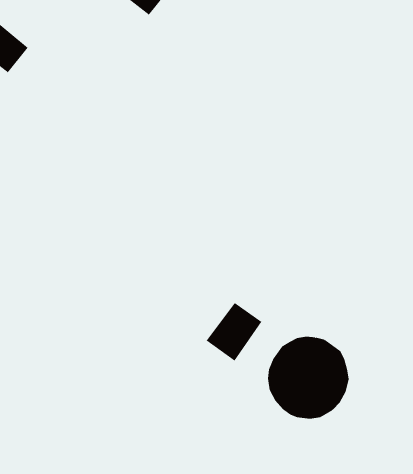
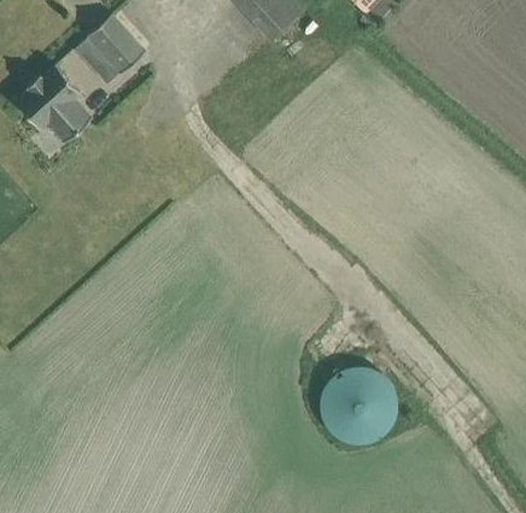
building: [206,302,262,361] -> none

